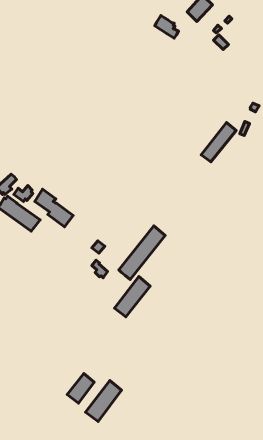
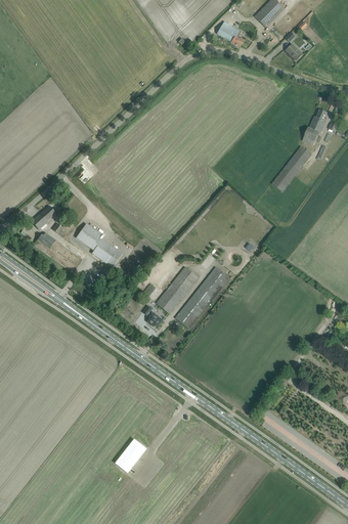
building: none -> [303,108,328,145]
building: [114,277,150,317] -> [157,266,199,313]
building: [86,381,122,422] -> none

